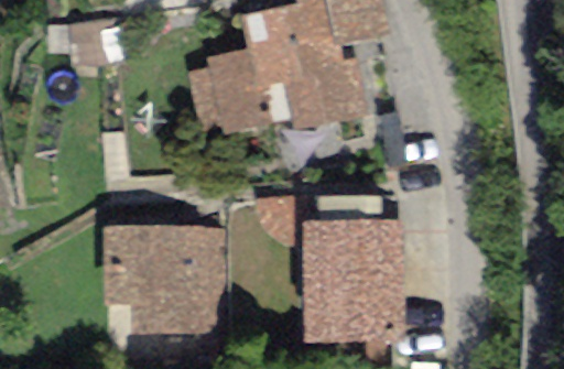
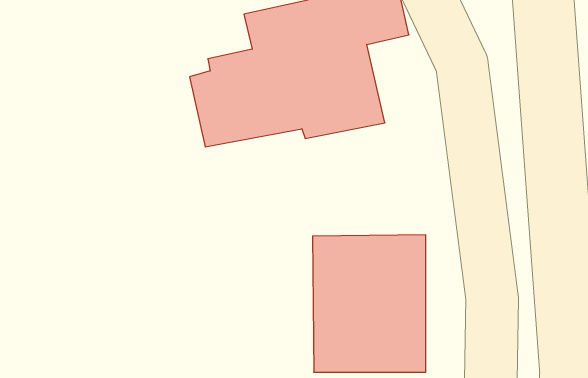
building: [100,223,228,334] -> none

